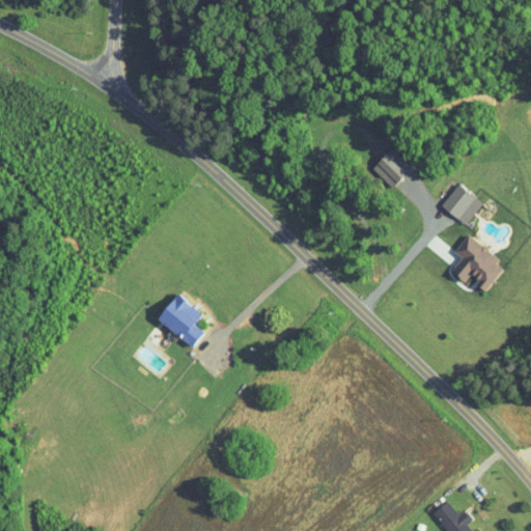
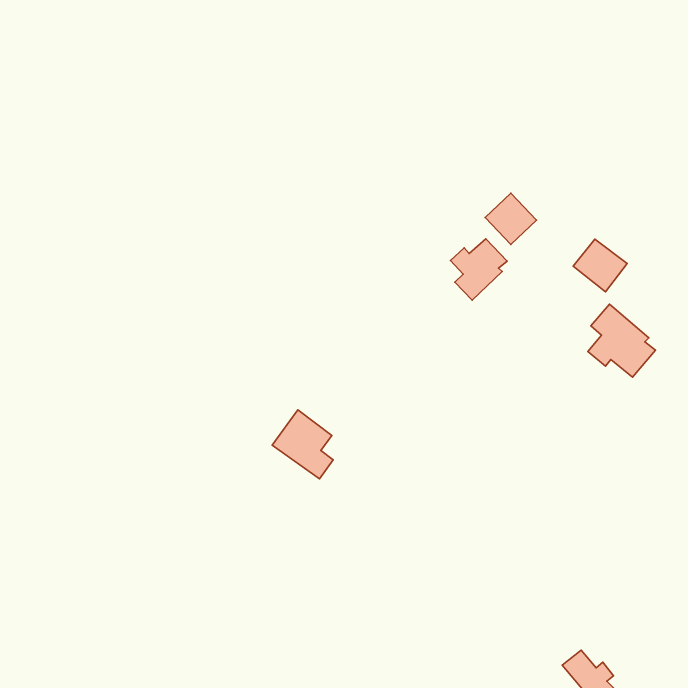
building: none -> [451,239,507,300]
building: [157,294,203,346] -> [272,410,333,479]

